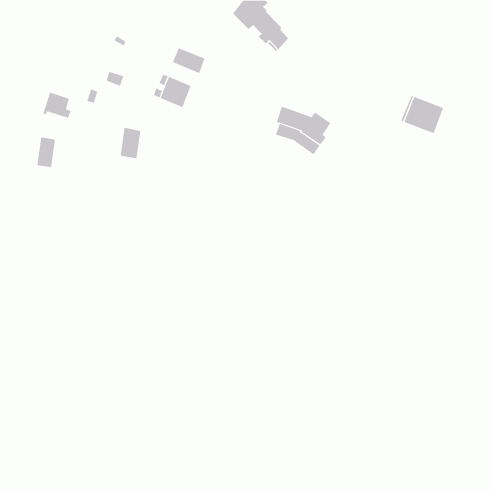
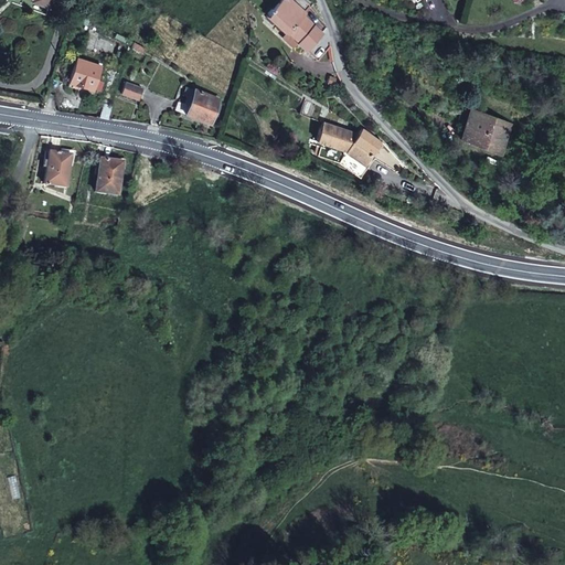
building: [172,47,205,74] -> none
building: [43,92,72,119] -> [71,58,104,89]
building: [120,127,141,159] -> [92,164,116,201]

